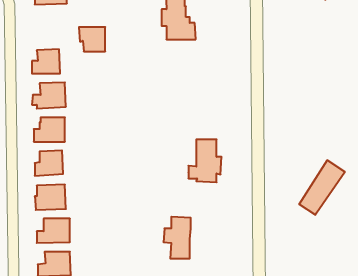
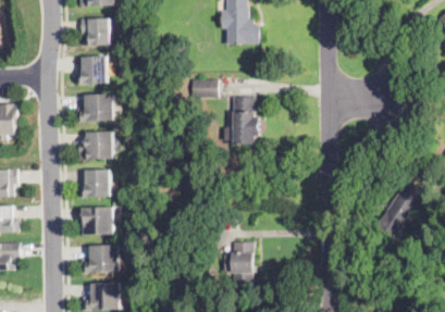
building: [79,27,105,51] -> [81,17,110,45]
building: none -> [190,79,217,98]
building: [188,139,222,182] -> [223,98,260,146]

